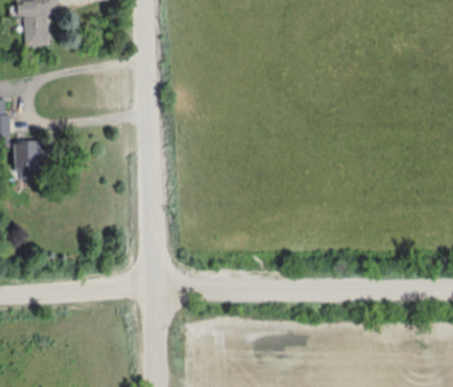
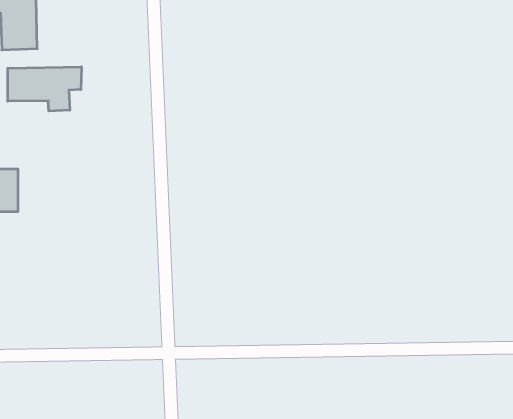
building: none -> [8,67,81,111]

